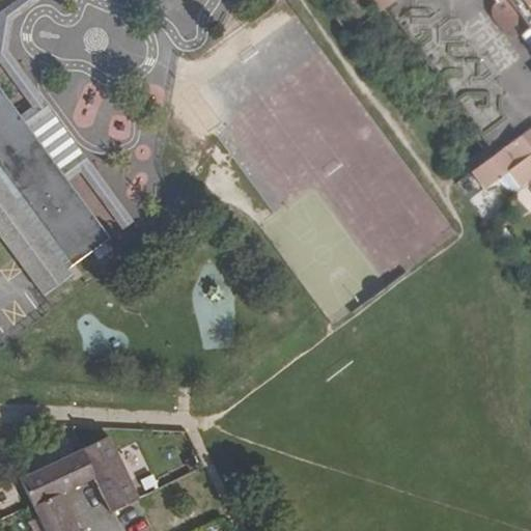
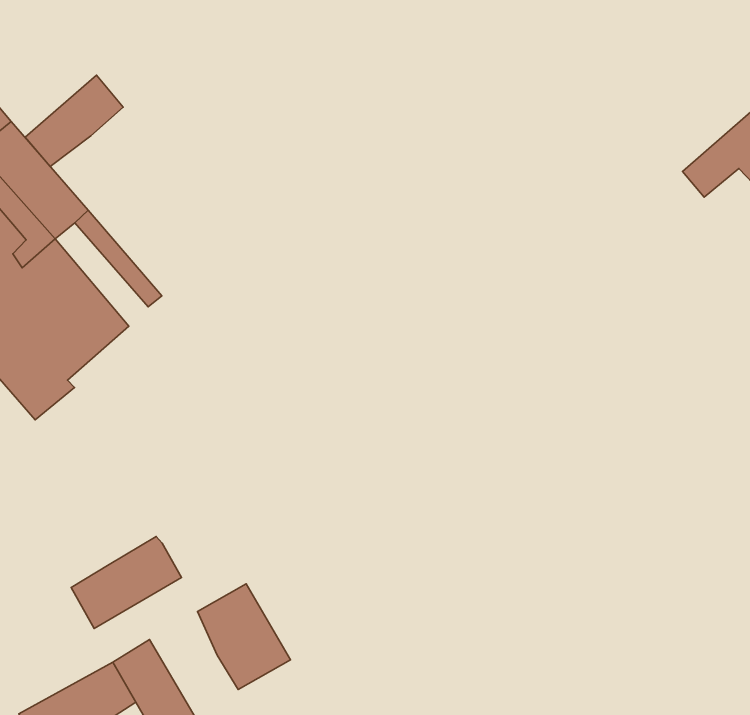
building: none -> [25,75,123,167]
building: none -> [71,537,181,629]
building: none -> [198,584,291,689]

